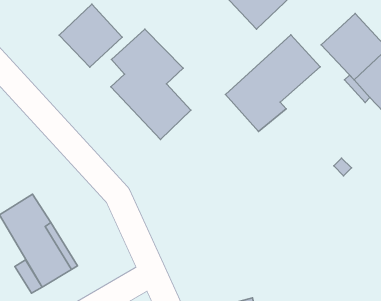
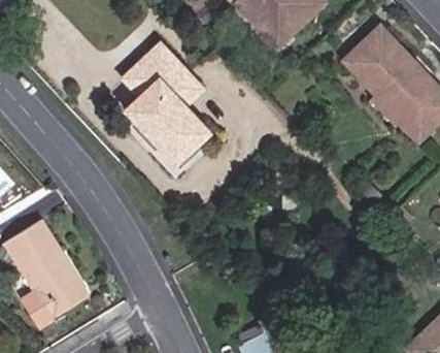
building: [59,4,122,67] -> none
building: [226,35,320,132] -> none

